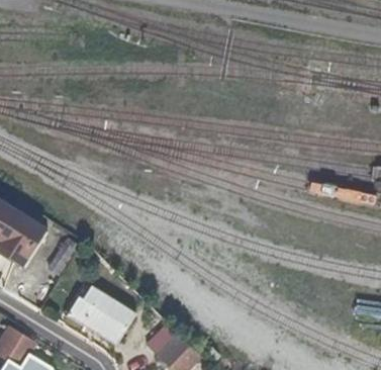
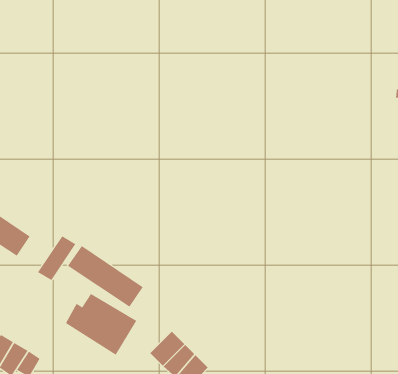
building: none -> [67,245,143,308]

